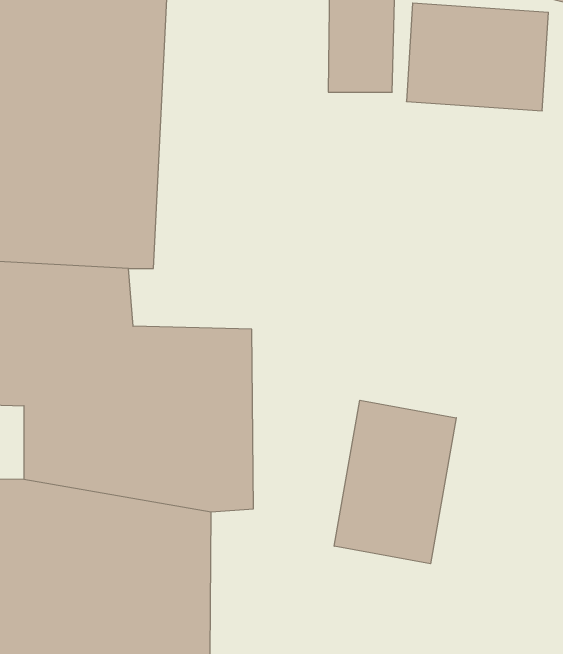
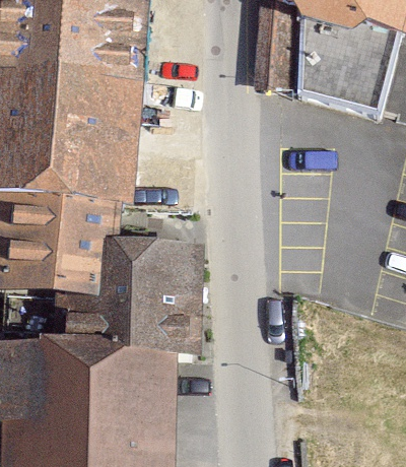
building: [334,400,456,564] -> none

